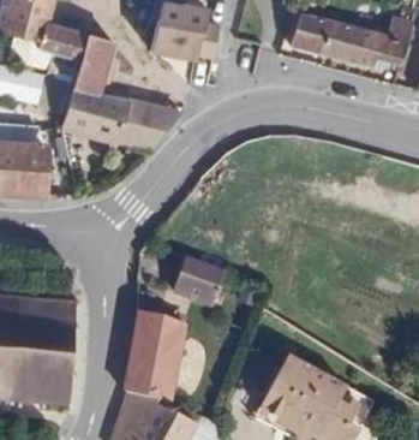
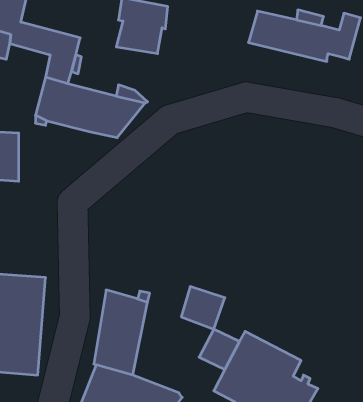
building: [174,258,221,304] -> [181,287,225,329]

